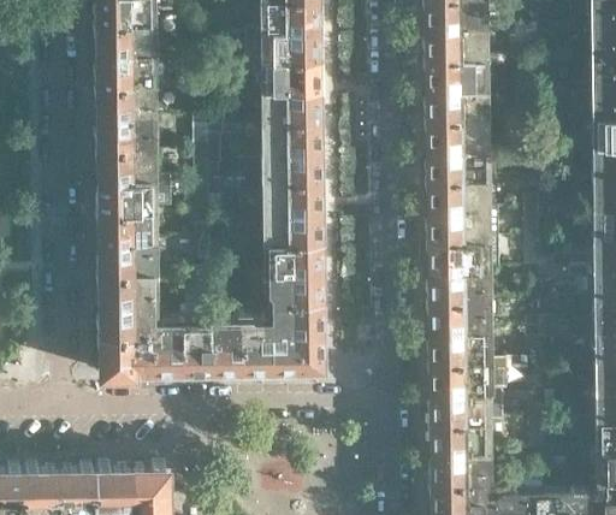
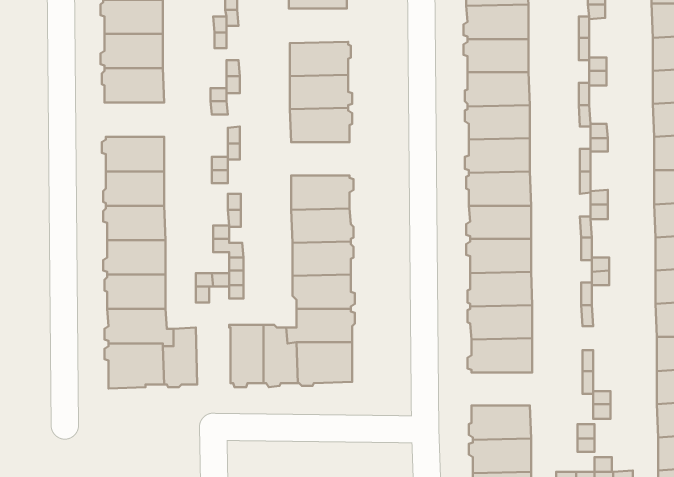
building: [265,36,321,67] -> none
building: [95,122,152,153] -> none
building: [267,158,324,188] -> none
building: [180,326,212,380] -> none
building: [427,367,486,397] -> none

